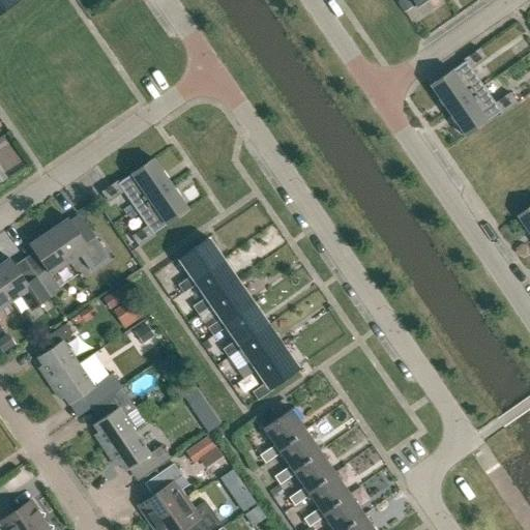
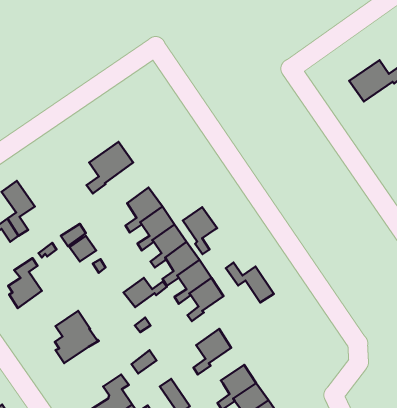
building: [430,49,487,111] -> none
building: [100,159,170,209] -> none
building: [48,218,109,270] -> none
building: none -> [183,207,217,254]
building: none -> [226,262,274,302]
building: none -> [124,278,167,307]
building: [49,363,121,408] -> none
building: [105,431,171,479] -> none
building: [274,432,321,484] -> none

